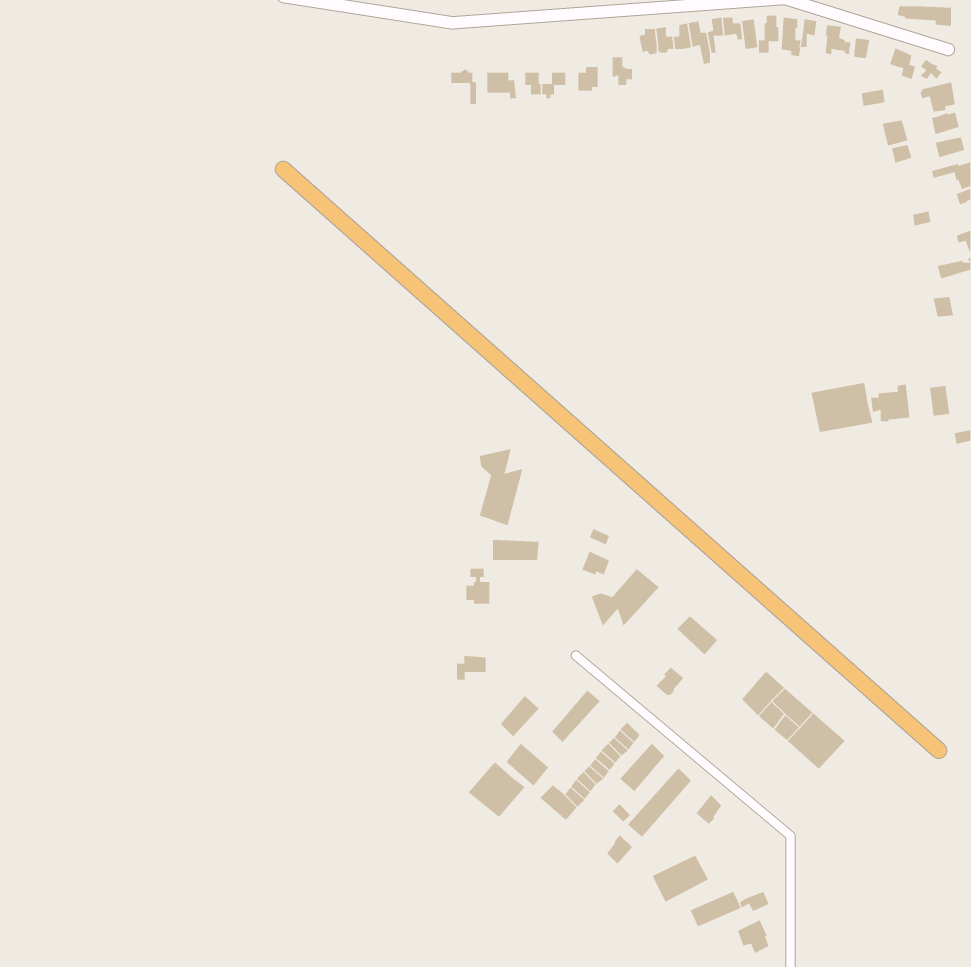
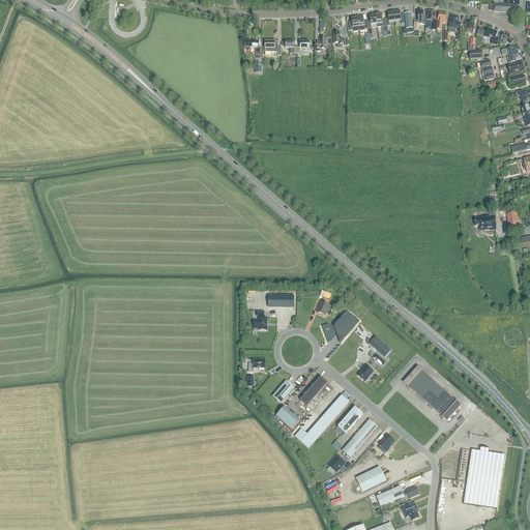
building: [811,382,873,433] -> none
building: [479,448,523,526] -> none
building: [468,761,526,818] -> none
building: none -> [463,448,504,507]

